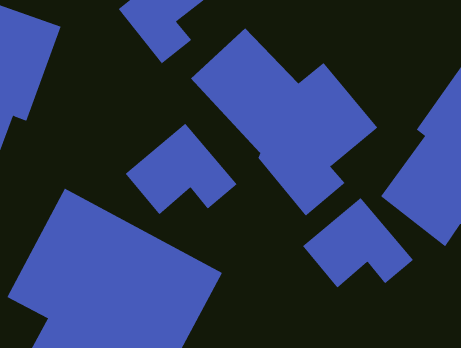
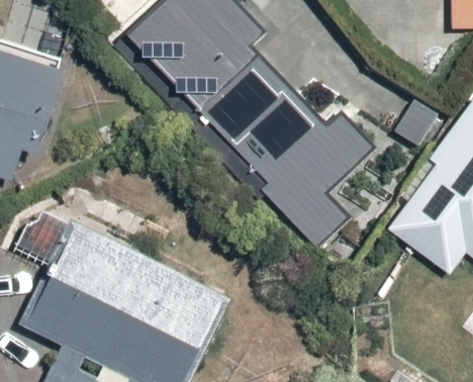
building: [125,123,237,215] -> none
building: [302,197,414,288] -> none

